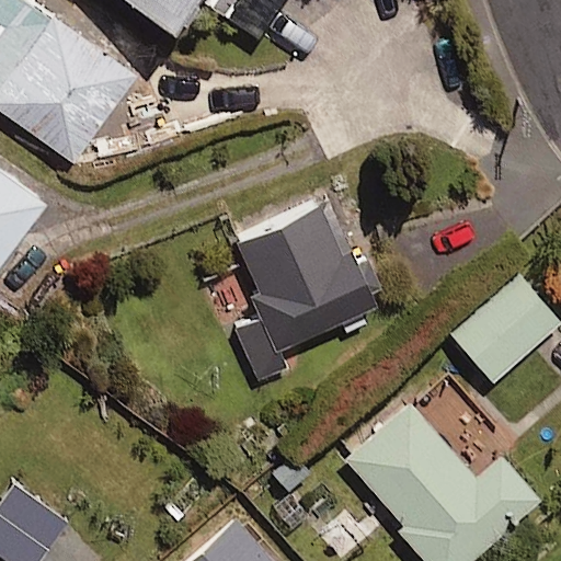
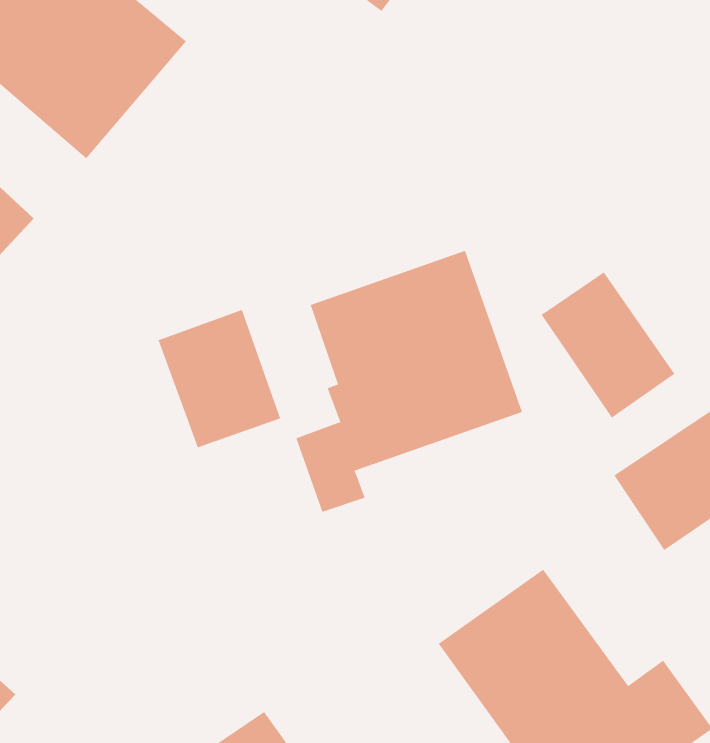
building: none -> [541,272,675,419]
building: none -> [158,309,281,448]

